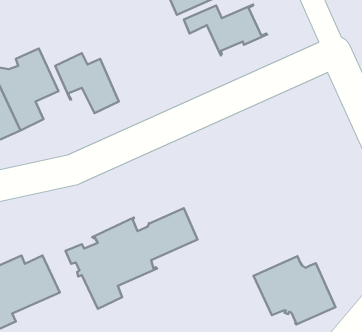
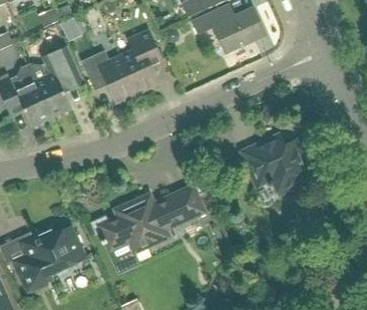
building: none -> [120,29,161,91]
building: [253,256,336,324] -> [241,133,312,193]

